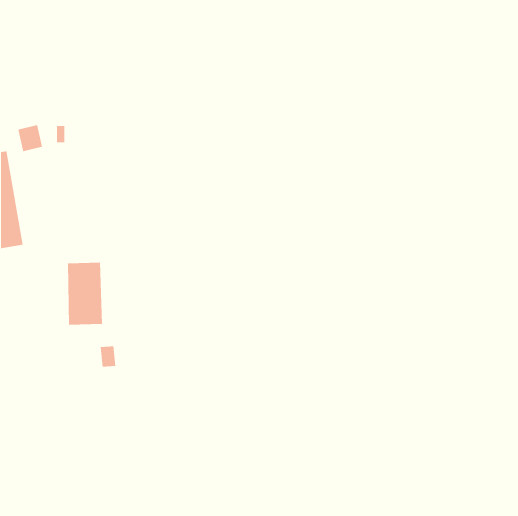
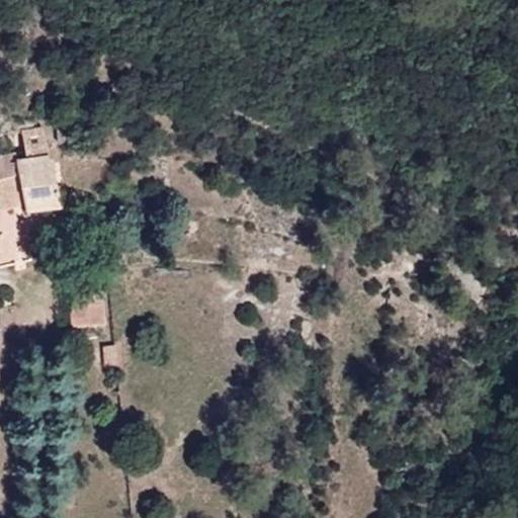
building: none -> [17,156,56,213]

